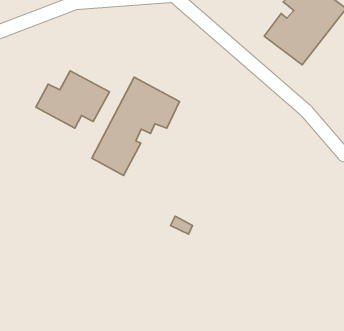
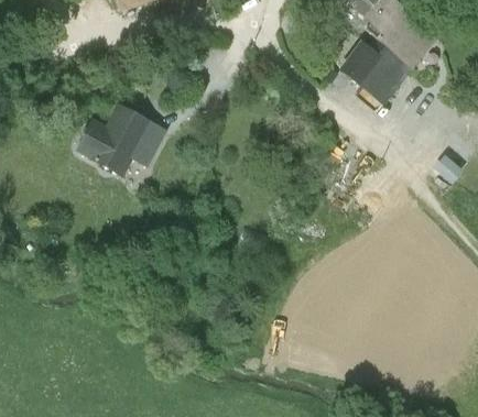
building: [92,77,180,175] -> none

